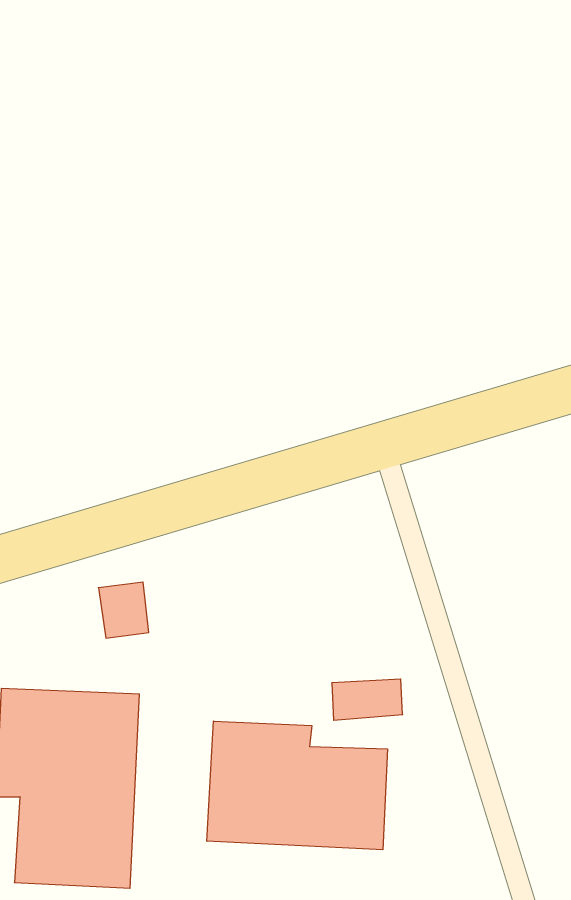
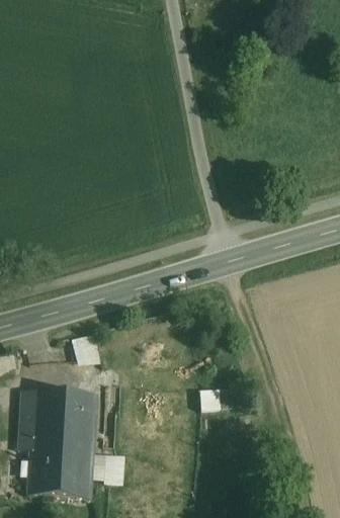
building: [207,721,387,850] -> none

